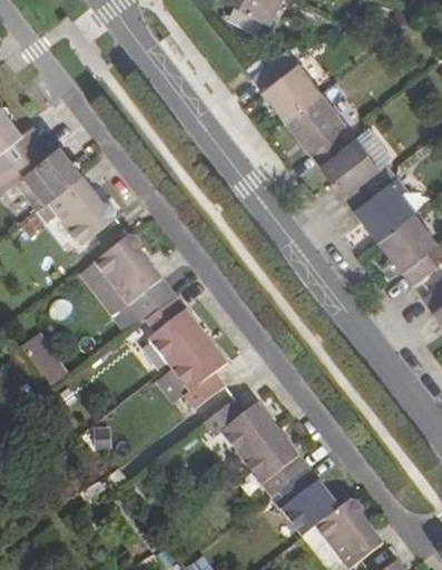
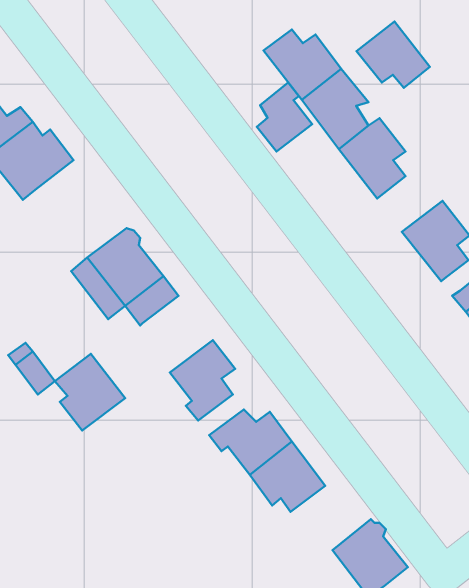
building: none -> [356,21,430,88]
building: none -> [257,83,312,151]
building: [36,176,117,247] -> none
building: [355,177,416,240] -> none
building: [144,298,207,367] -> [55,354,125,430]
building: [277,470,338,539] -> none

